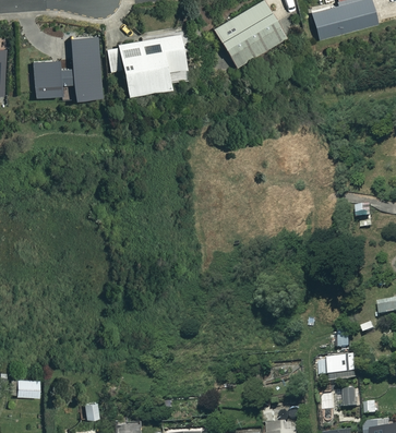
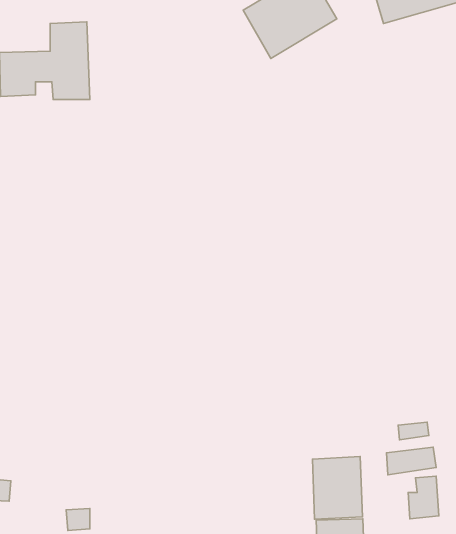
building: [105,32,182,89] -> none
building: none -> [312,457,362,519]

